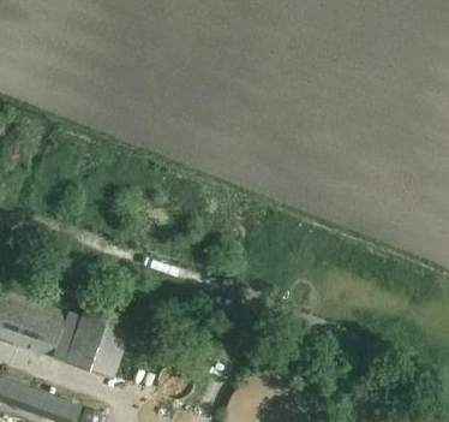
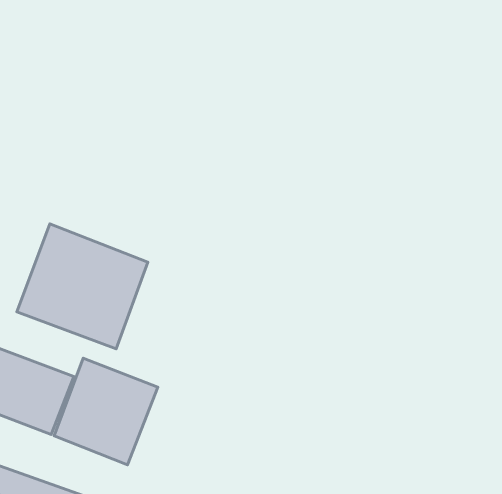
building: none -> [17,224,148,349]

